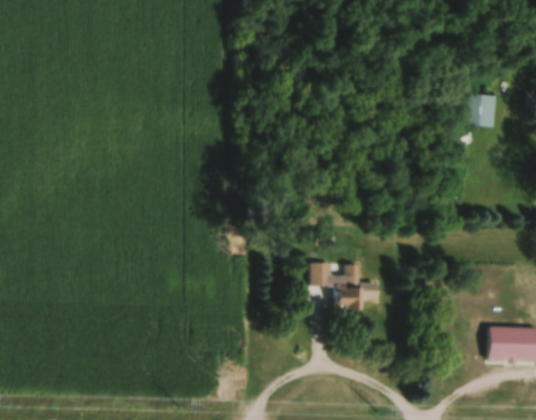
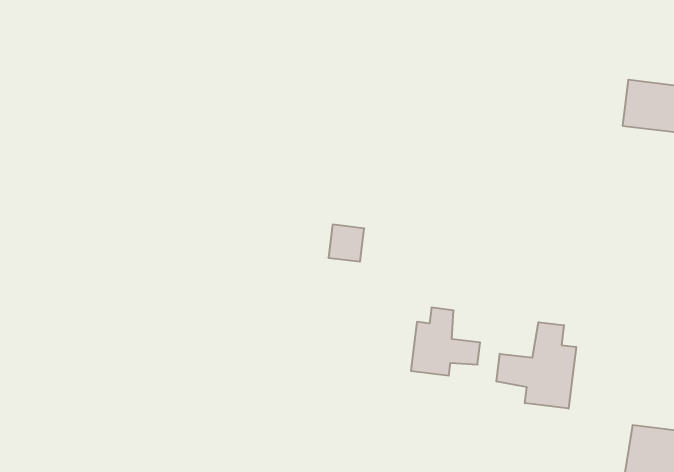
building: [309,264,331,287] -> [328,225,364,262]
building: none -> [496,322,576,409]

